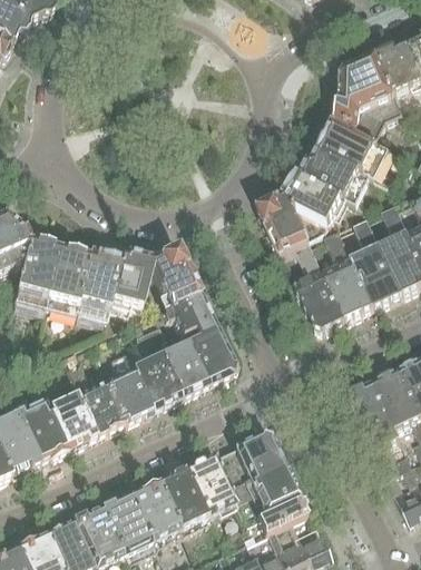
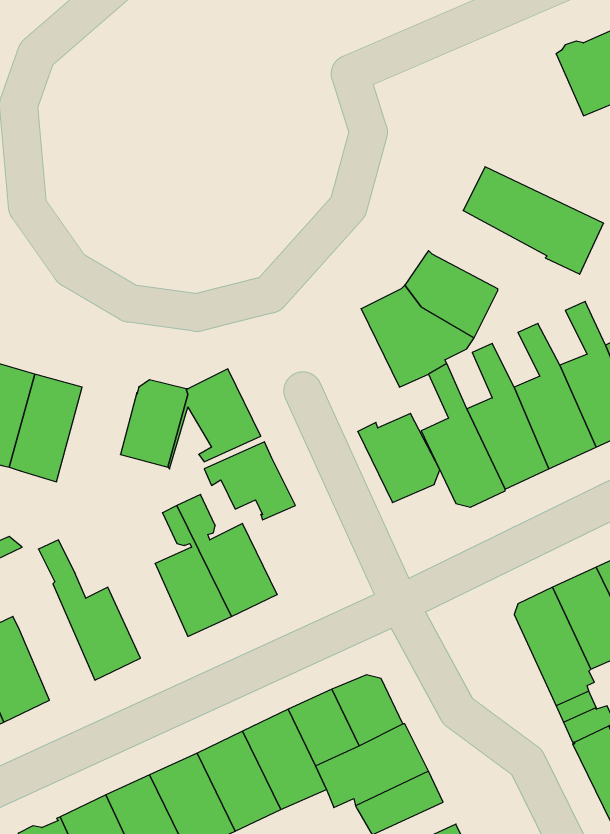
building: [333,53,403,138] -> none
building: [301,149,371,206] -> none
building: [71,255,120,321] -> none
building: [185,330,235,384] -> [358,413,440,503]
building: [102,351,151,423] -> none
building: [48,377,95,449] -> none

